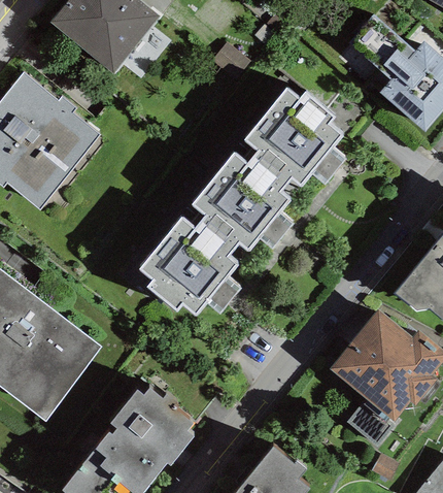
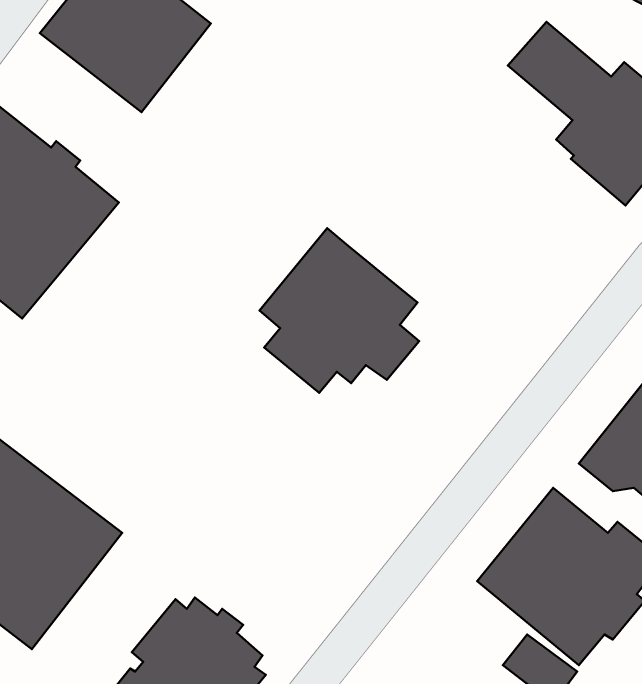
building: [242,85,343,188] -> none
building: [138,213,238,313] -> none

